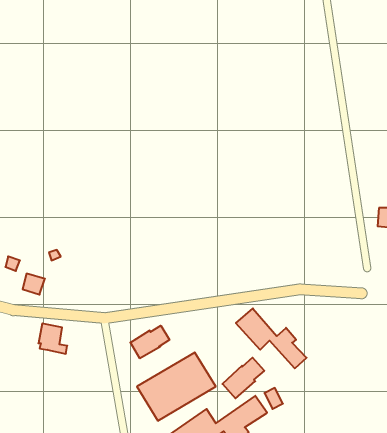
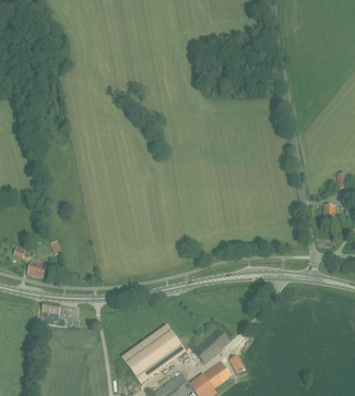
building: [236,308,307,368] -> none
building: [130,326,169,358] -> none

